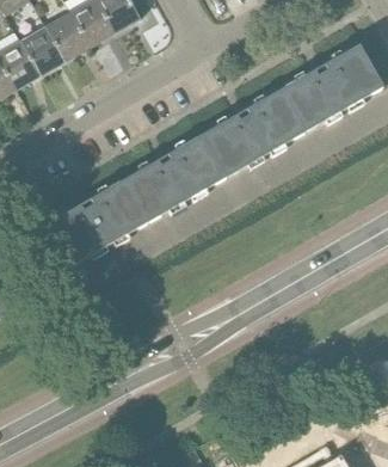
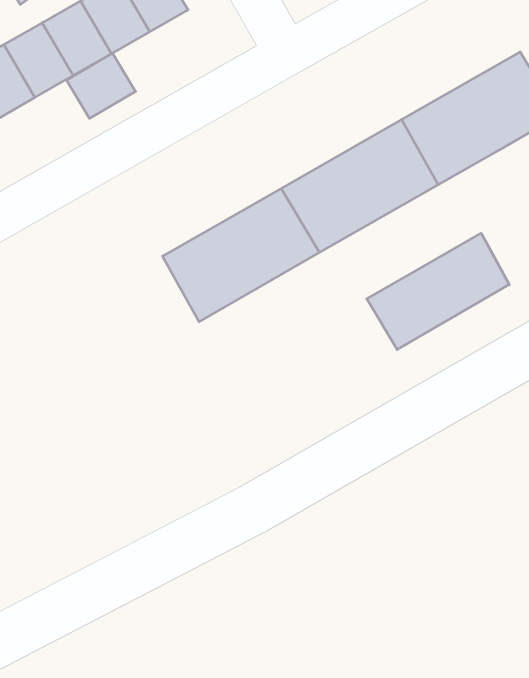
building: none -> [67,53,136,118]
building: none -> [367,233,509,350]
building: [45,178,148,266] -> none

